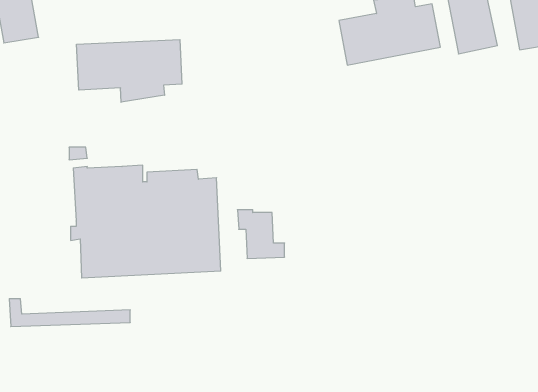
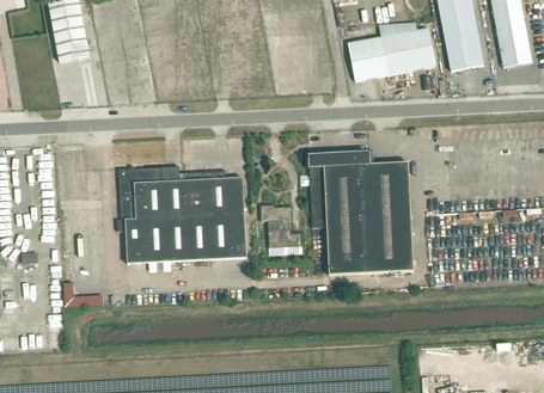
building: [77,40,182,102] -> none
building: none -> [305,149,412,275]

